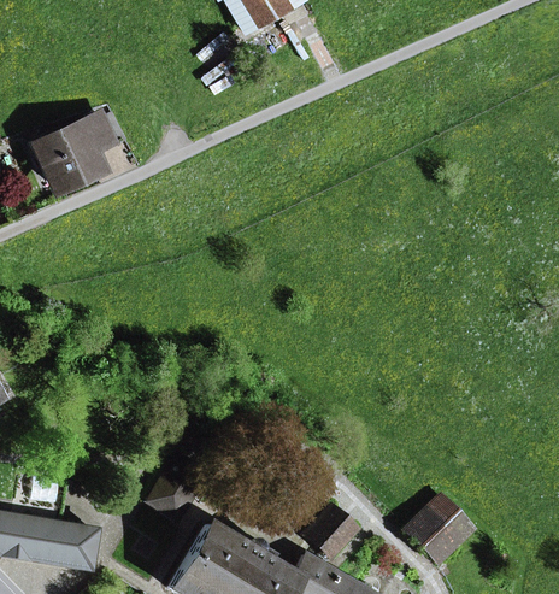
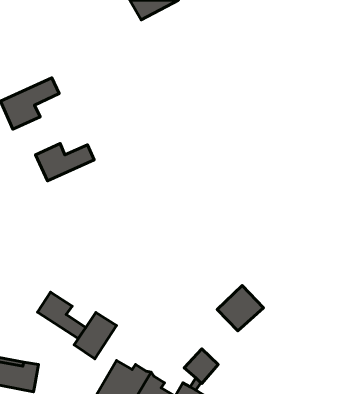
building: none -> [36,144,94,181]
building: none -> [38,292,86,339]
building: [406,495,473,561] -> [217,285,264,331]

